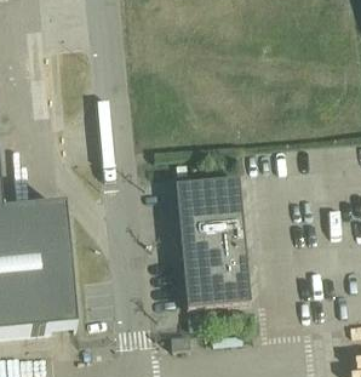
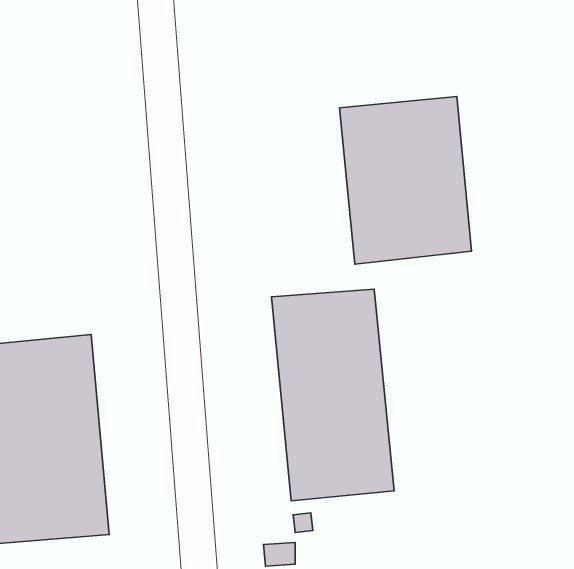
building: none -> [340,96,472,264]

